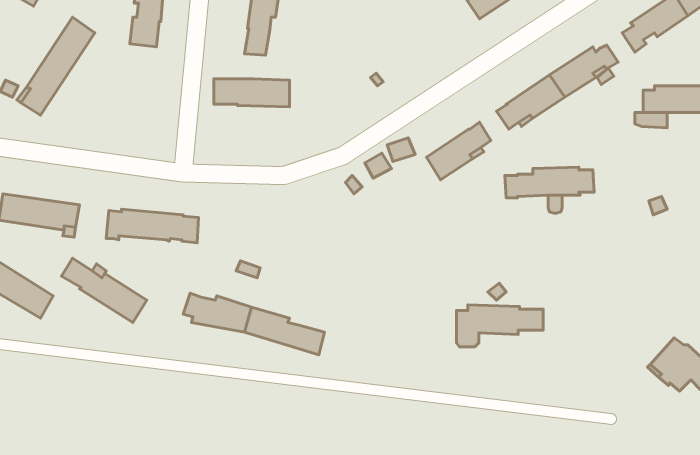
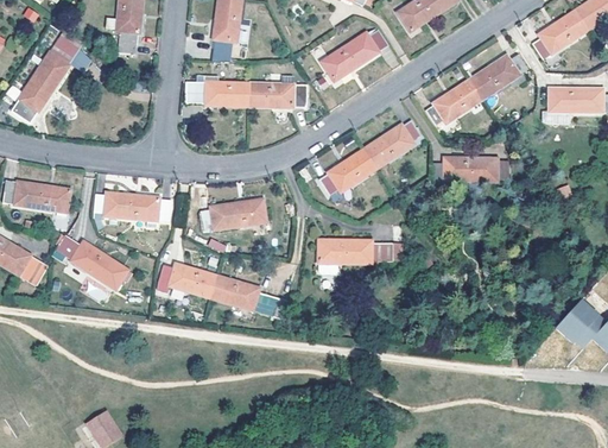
building: none -> [323,29,387,81]
building: none -> [248,83,306,107]
building: none -> [318,149,376,194]
building: none -> [200,198,265,229]
building: [457,305,543,347] -> [318,239,392,275]

